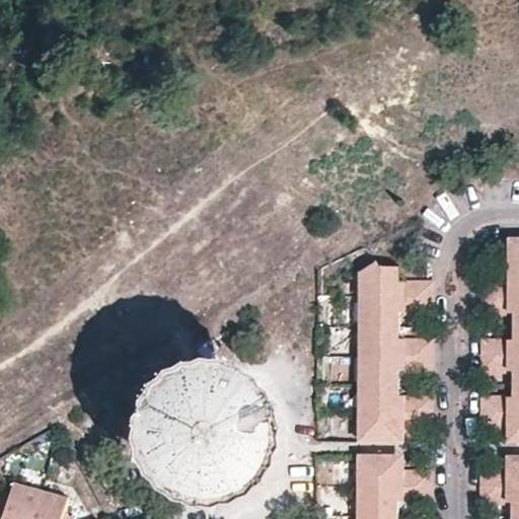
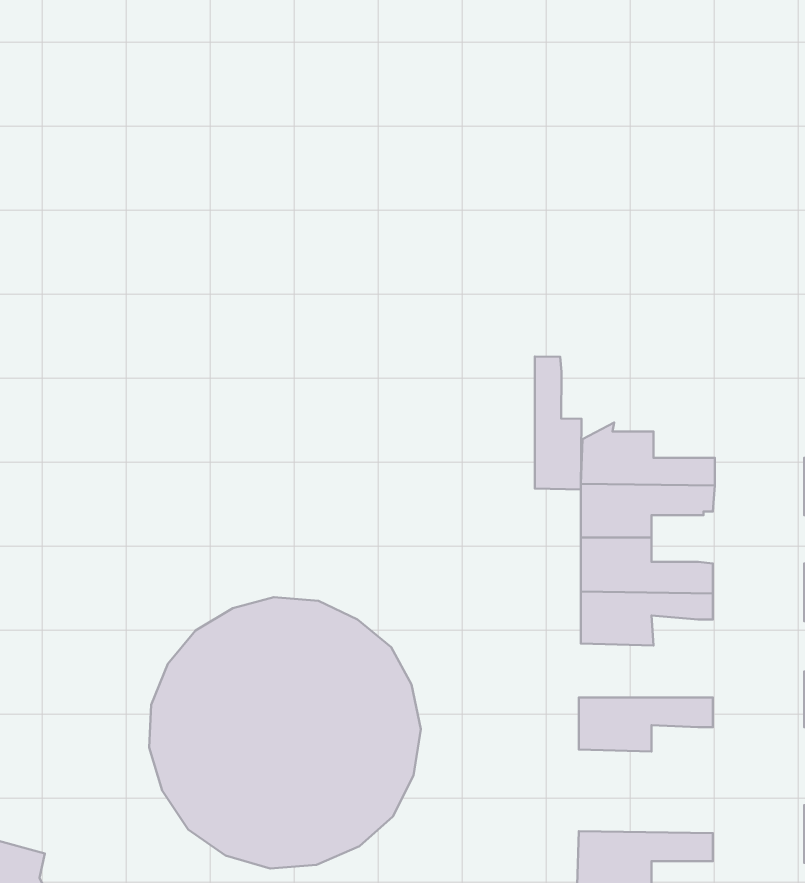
building: none -> [535,357,582,489]
building: [359,383,432,413] -> none
building: [359,456,432,487] -> none

